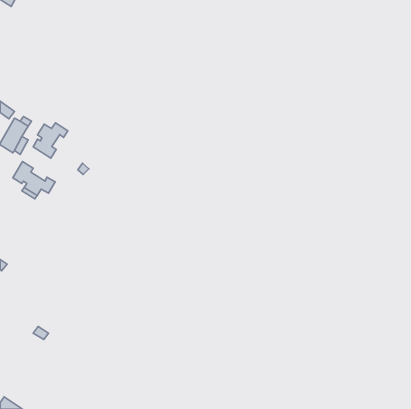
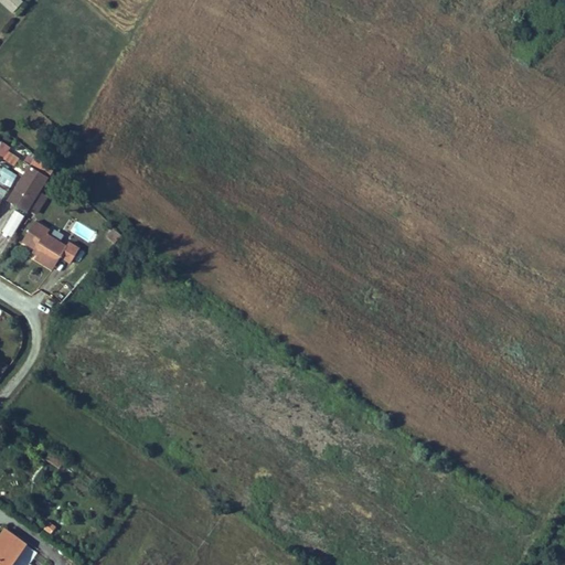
building: [33,123,68,158] -> none

